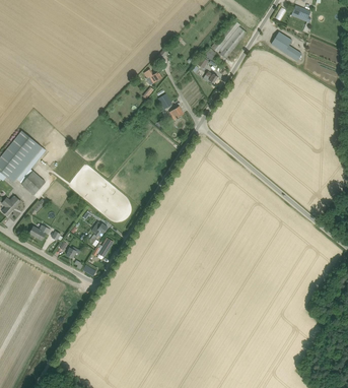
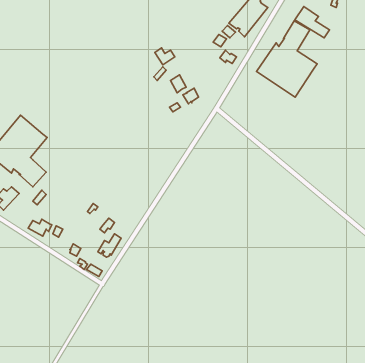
building: none -> [257,21,317,97]

